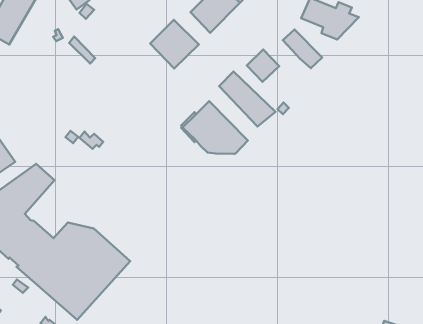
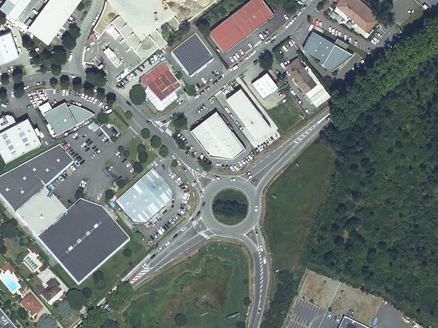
building: none -> [139,62,181,112]
building: none -> [39,100,94,133]
building: none -> [114,171,169,225]

